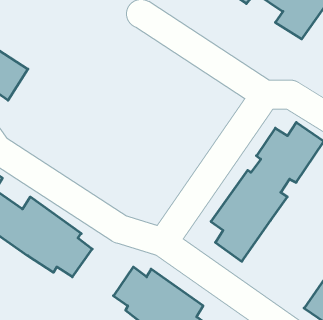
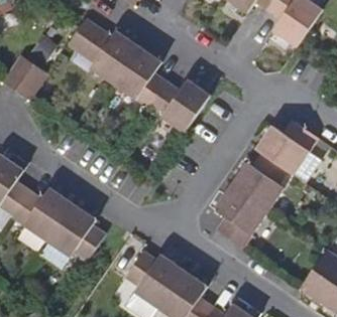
building: none -> [67,18,210,133]

